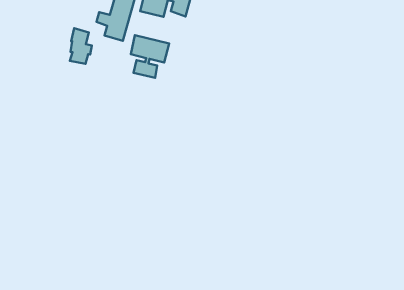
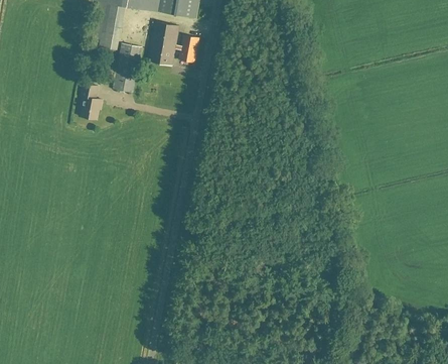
building: [131,35,169,78] -> none

